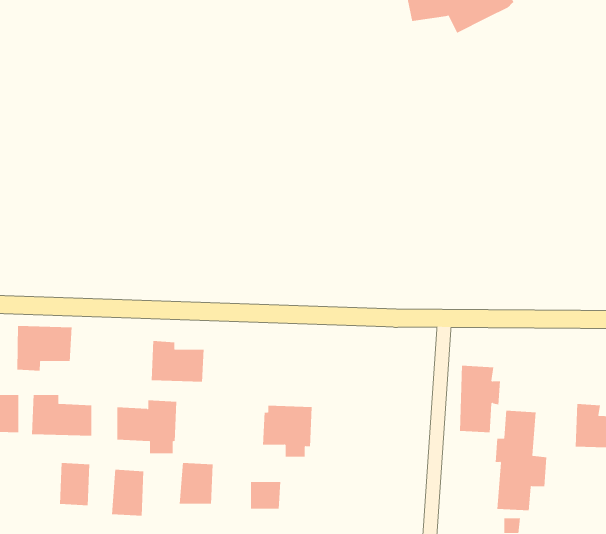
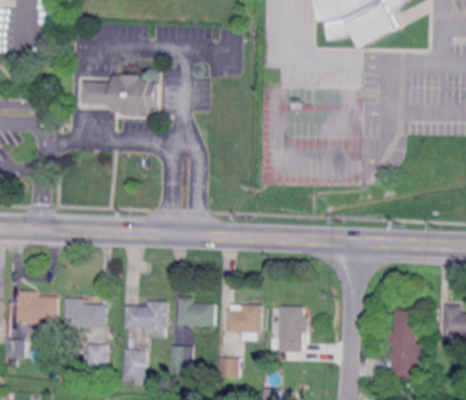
building: none -> [82,75,156,114]
building: [17,325,72,372] -> none
building: [151,340,205,382] -> [177,296,215,325]
building: [459,365,501,433] -> [279,306,308,353]

